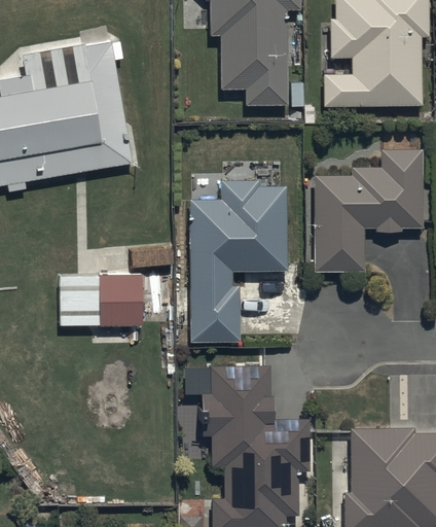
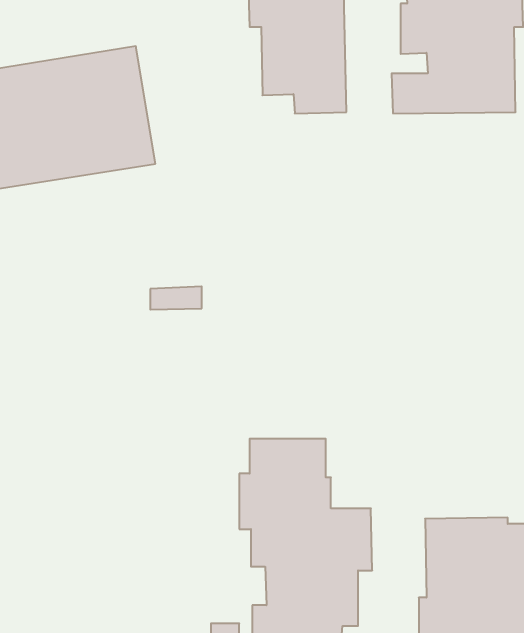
building: [316,149,425,272] -> none
building: [190,181,288,343] -> none
building: [53,271,143,324] -> none

